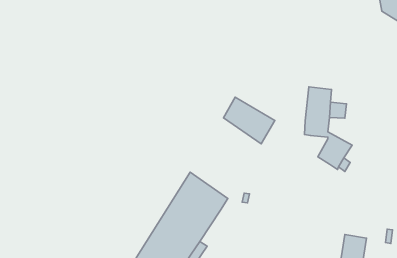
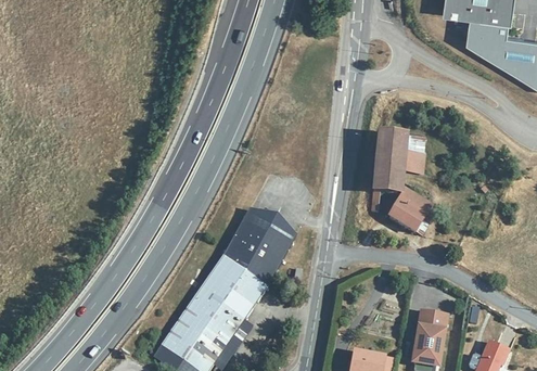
building: [223,97,275,144] -> [234,210,296,267]

